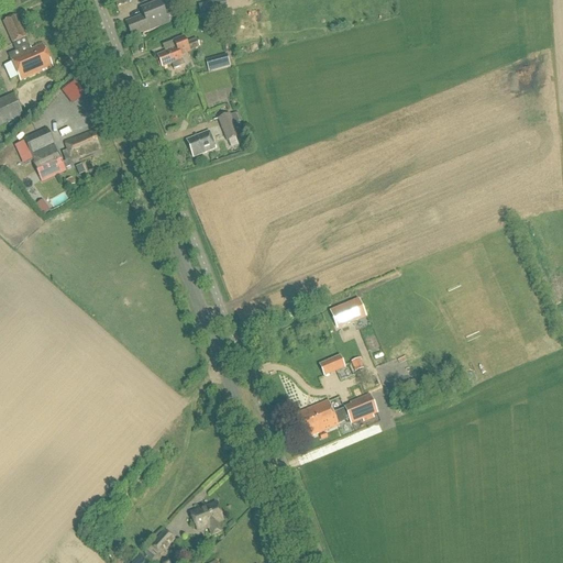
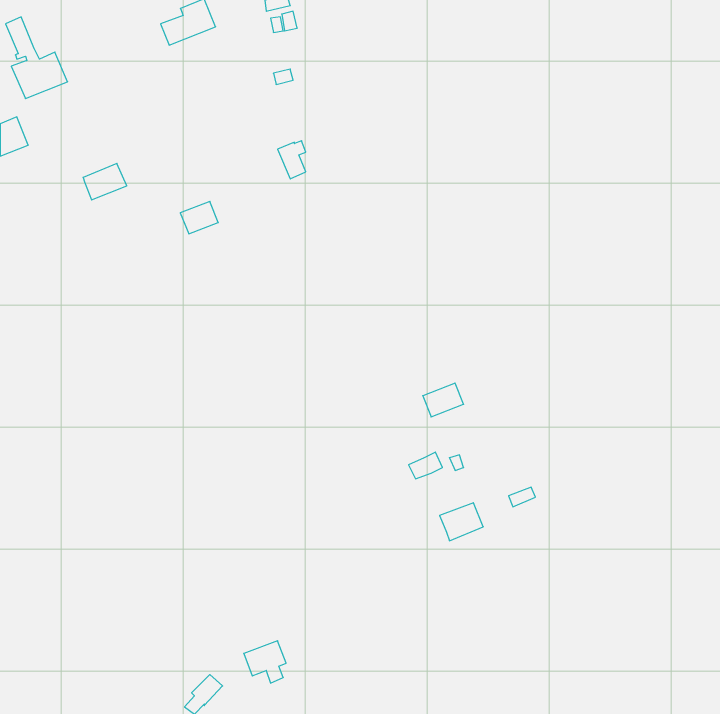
building: [157,35,199,66] -> none
building: [15,126,66,179] -> none
building: [186,130,216,155] -> [180,201,218,234]
building: [295,398,349,437] -> none

